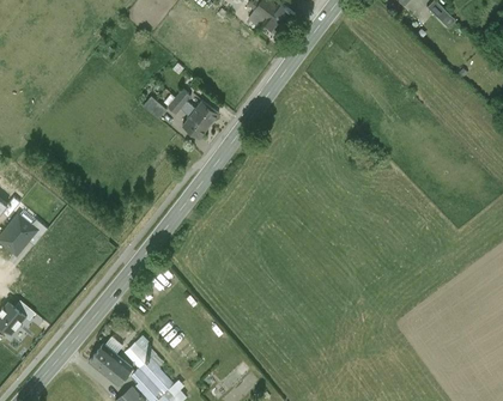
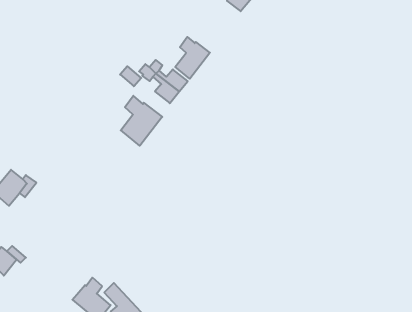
building: none -> [175,37,210,79]
building: none -> [121,96,162,146]

